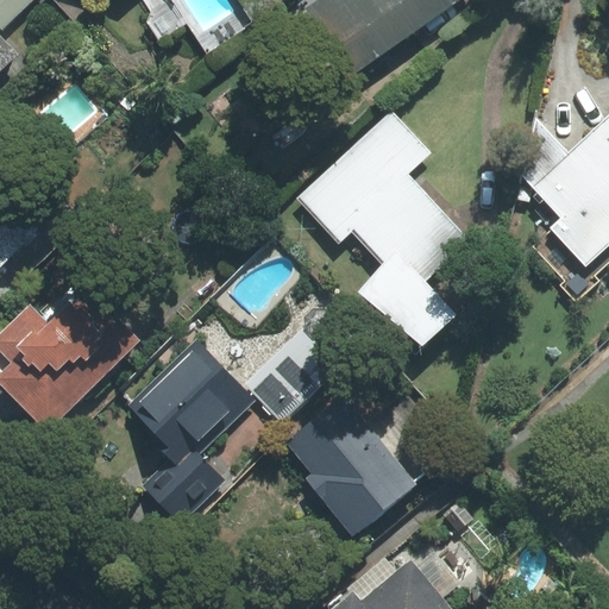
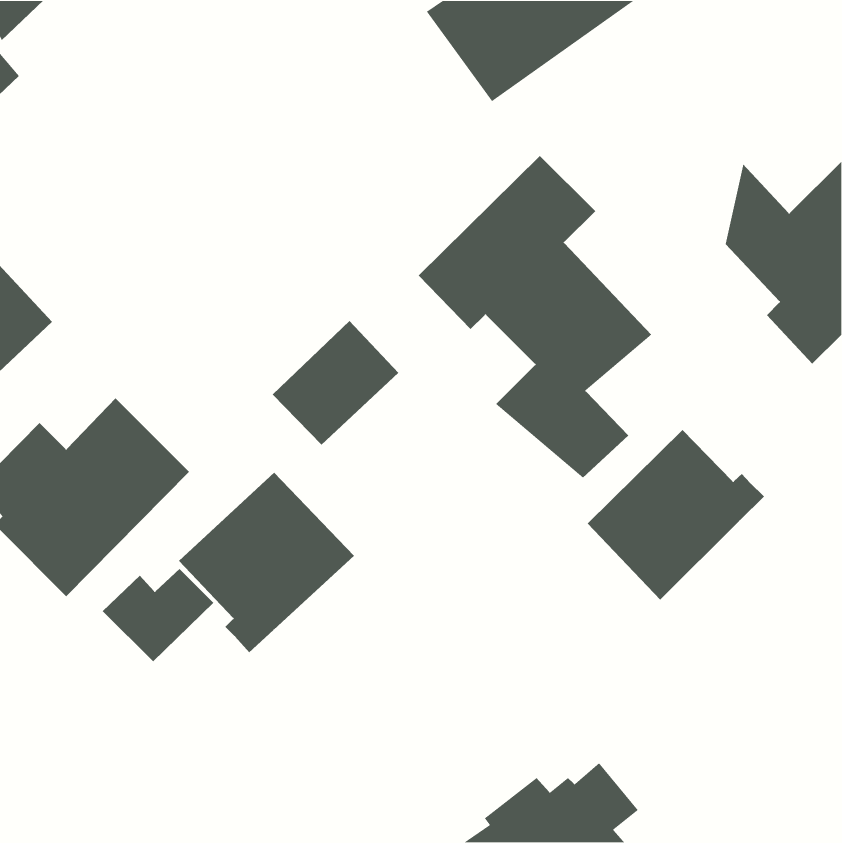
building: none -> [587,429,765,601]
building: [245,331,337,421] -> [272,320,399,445]
building: [284,396,415,535] -> none
building: [142,454,222,522] -> [102,568,214,662]

